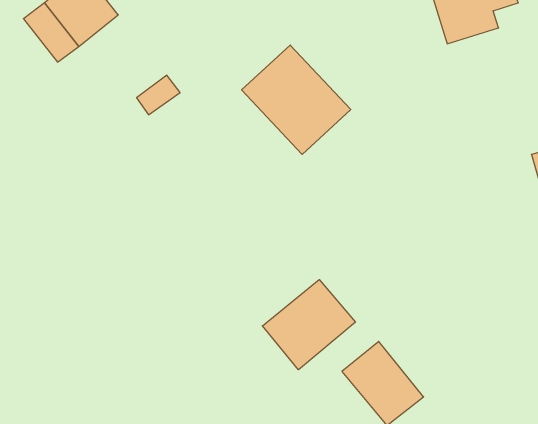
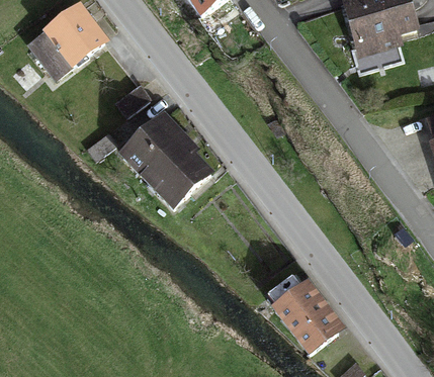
building: [242,45,351,154] -> [127,120,211,204]
building: [262,280,355,370] -> none

